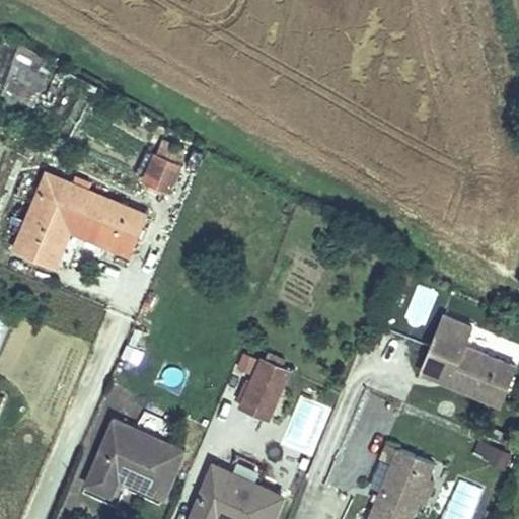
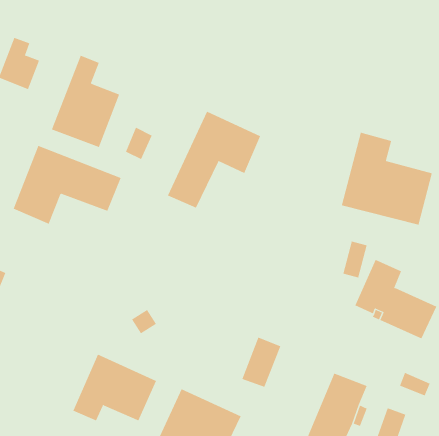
building: none -> [51,55,120,148]
building: none -> [167,111,261,209]
building: none -> [341,132,432,226]
building: [236,360,284,421] -> none

